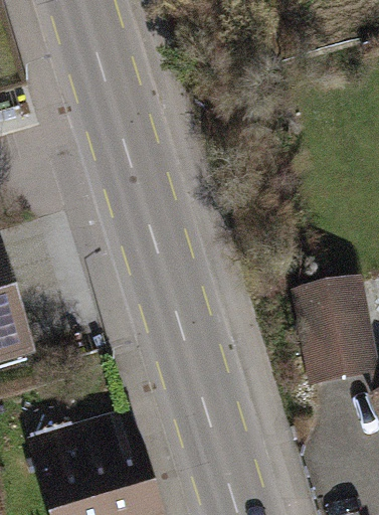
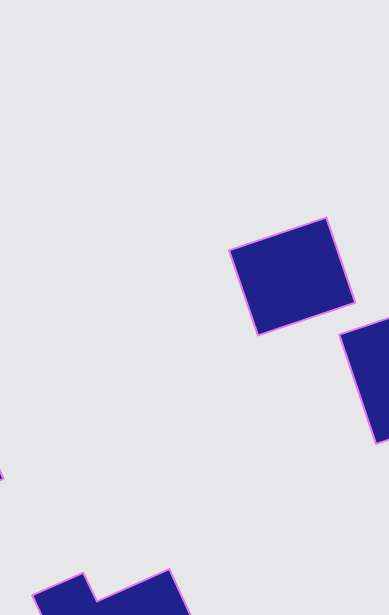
building: none -> [229,217,355,336]

